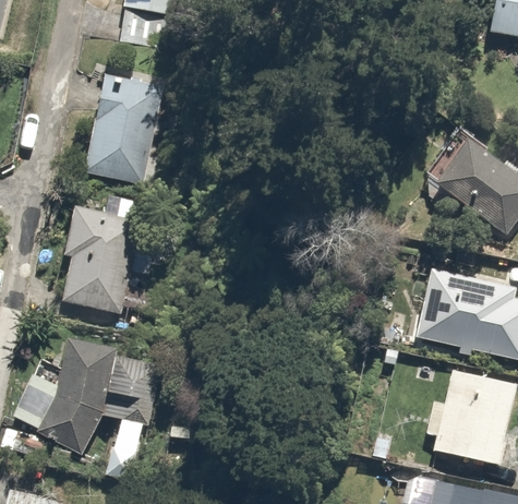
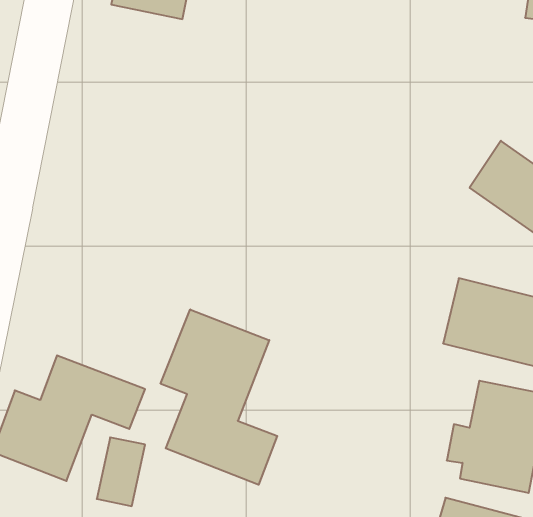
building: [84,72,174,188] -> none
building: [51,209,149,315] -> none
building: none -> [161,309,277,485]

